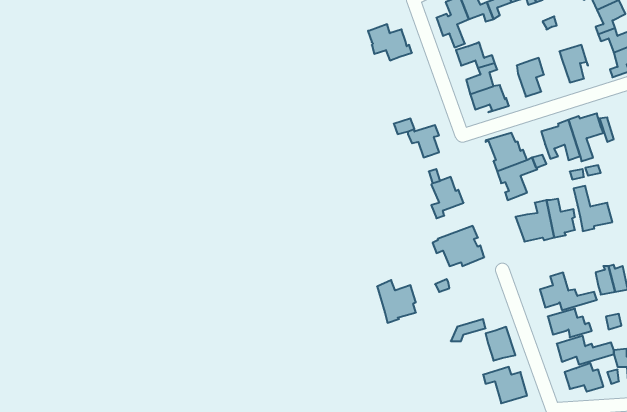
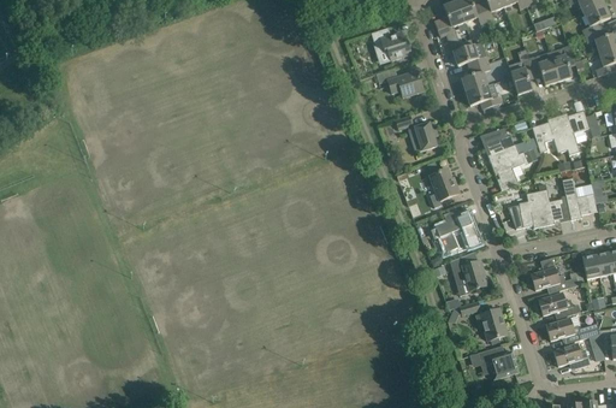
building: none -> [529,52,558,85]
building: none -> [387,70,424,97]
building: [377,280,416,323] -> [450,255,486,295]

